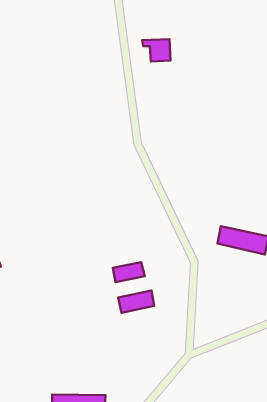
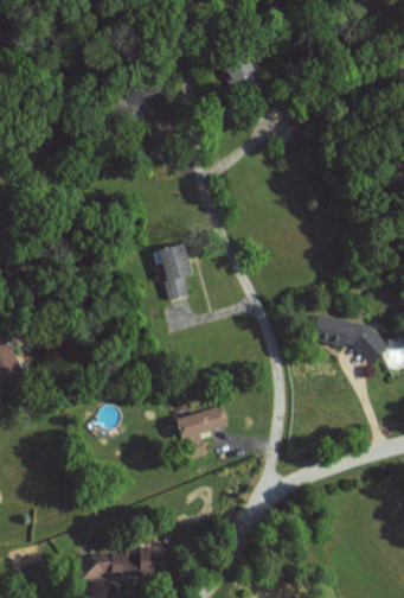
building: none -> [154,243,194,301]
building: [113,262,145,282] -> none

